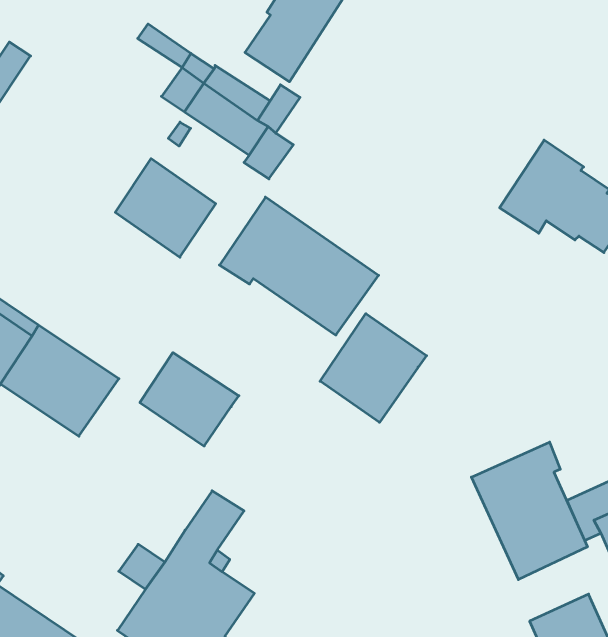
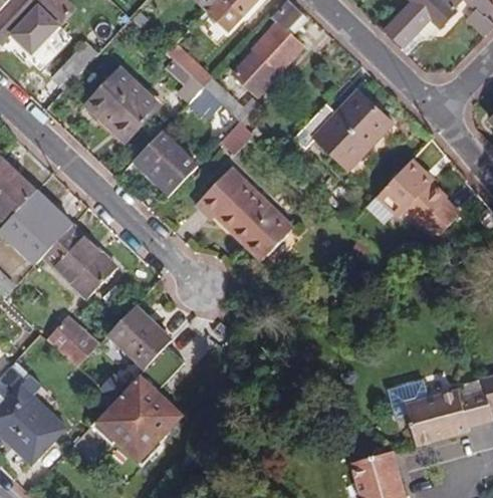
building: none -> [292,91,391,170]
building: none -> [84,67,160,139]
building: [320,314,427,422] -> none
building: [140,353,239,446] -> [108,306,172,368]
building: [471,442,587,580] -> none
building: none -> [47,314,99,367]

